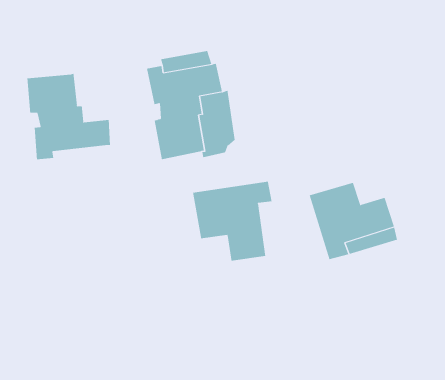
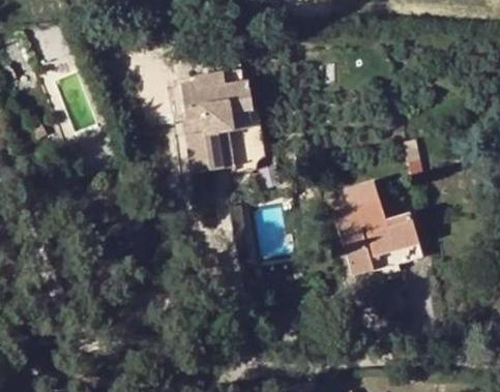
building: [27,73,110,160] -> none
building: [193,181,272,262] -> none

